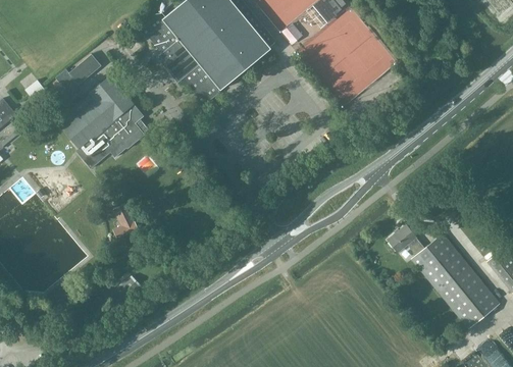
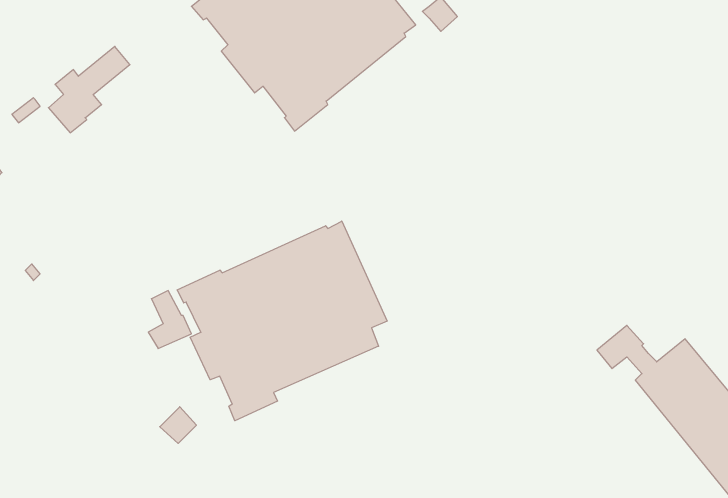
building: [56,75,145,168] -> none
building: none -> [177,221,387,421]

